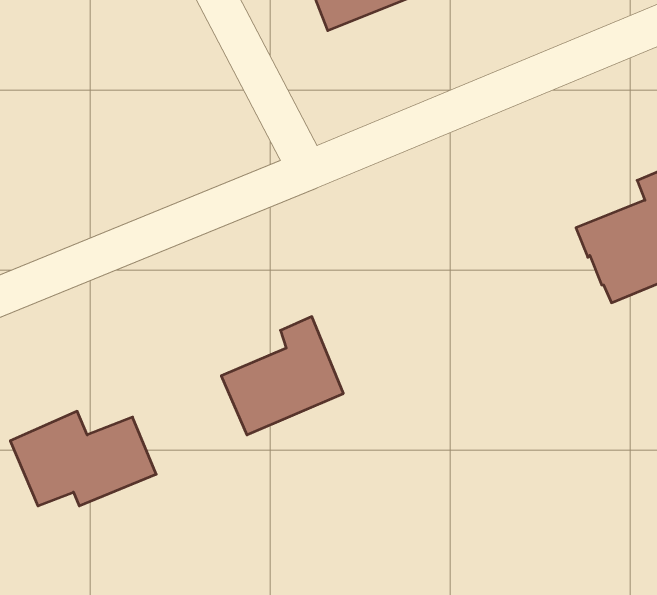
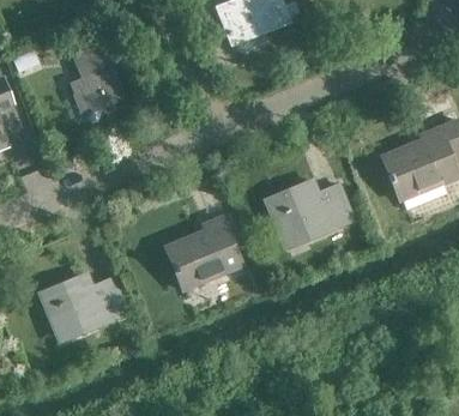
building: none -> [70,42,126,116]
building: none -> [266,181,354,239]

